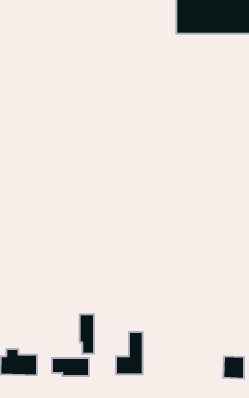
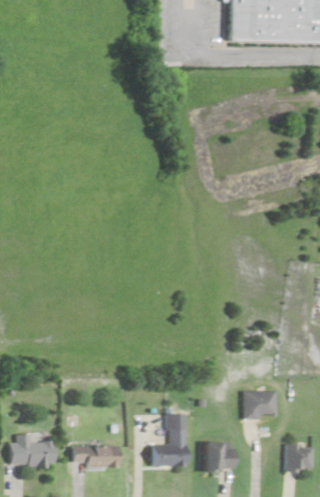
building: none -> [245,390,277,417]
building: [80,314,94,354] -> none
building: none -> [205,441,233,470]

